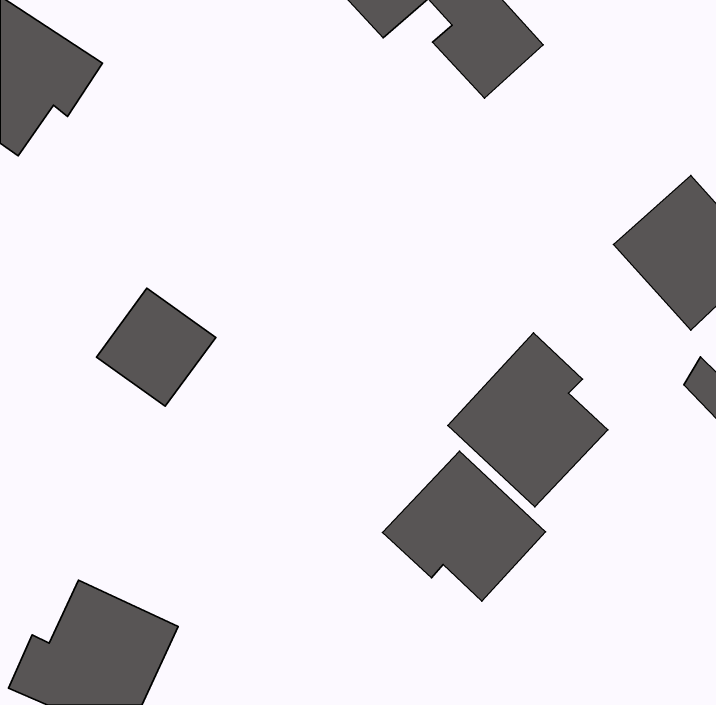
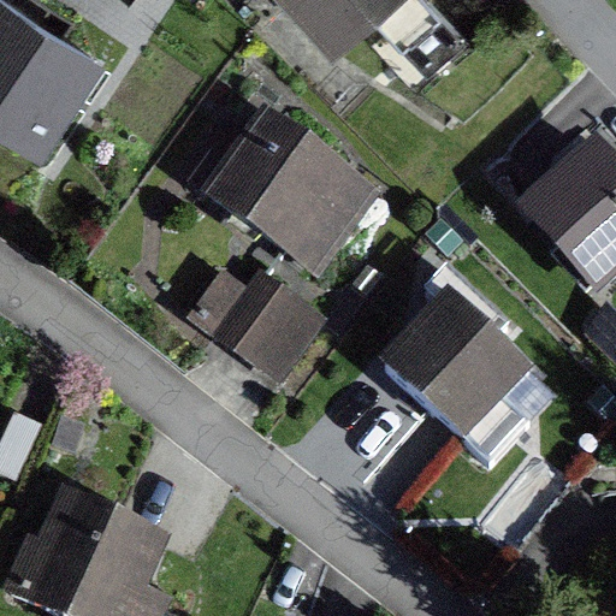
building: none -> [194,118,369,268]
building: [96,288,216,406] -> [215,276,318,377]
building: [383,451,546,601] -> none

